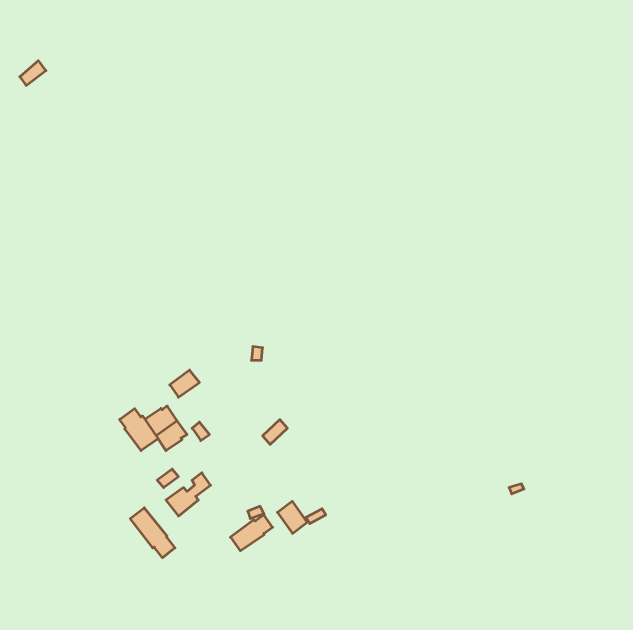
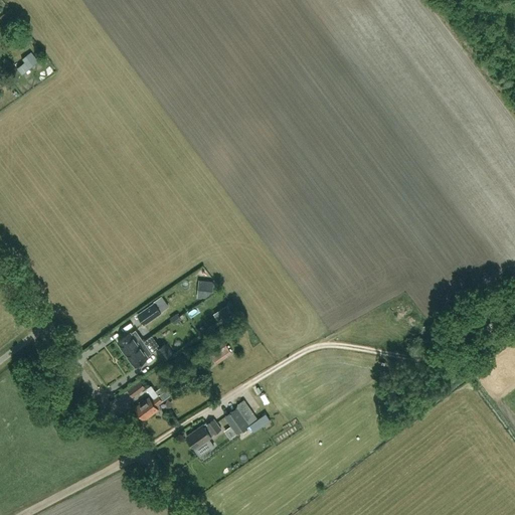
building: [120,409,158,451] -> none
building: [130,508,175,558] -> none

